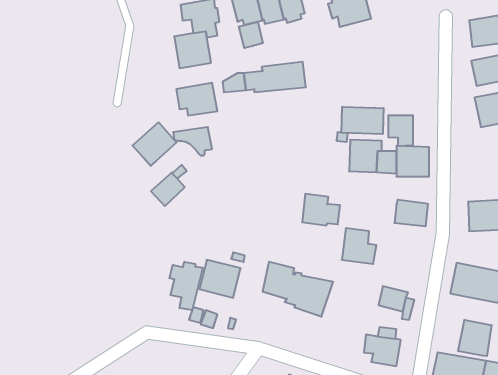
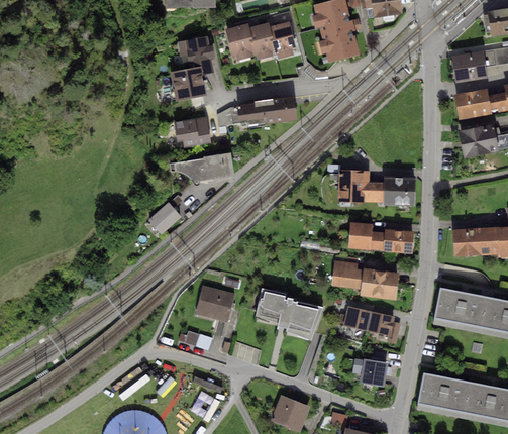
building: [239,22,263,48] -> none
building: [341,107,384,134] -> none
building: [388,115,413,146] -> none
building: none -> [203,152,234,180]
building: [132,122,177,166] -> none
building: [302,194,340,225] -> [347,221,384,251]
building: none -> [362,267,399,299]
building: [169,262,203,310] -> none
building: none -> [338,306,371,329]
building: [458,320,492,356] -> none

